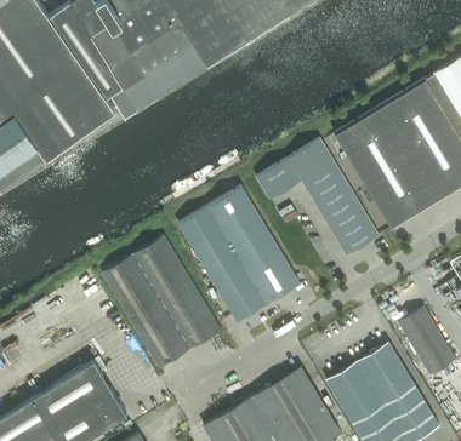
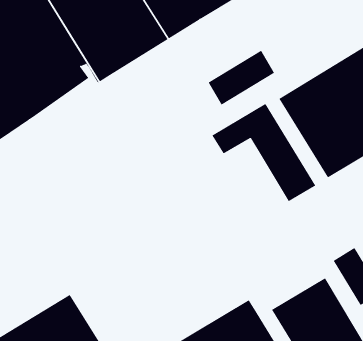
building: none -> [208,50,275,105]
building: [178,187,300,320] -> none
building: [102,235,221,367] -> none

